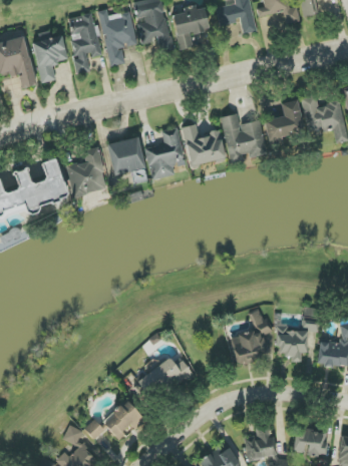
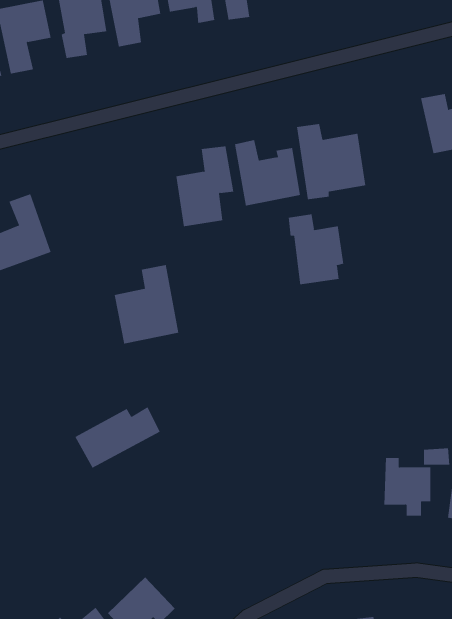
building: [264,100,303,146] -> none
building: [106,137,142,175] -> none
building: [66,146,107,196] -> [114,265,179,344]
building: none -> [288,213,344,285]
building: [231,311,271,363] -> none
building: [137,359,192,398] -> [75,406,160,468]

